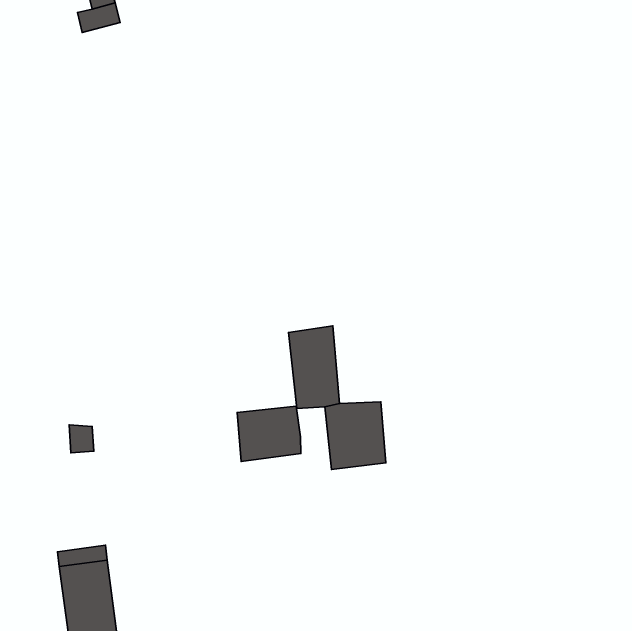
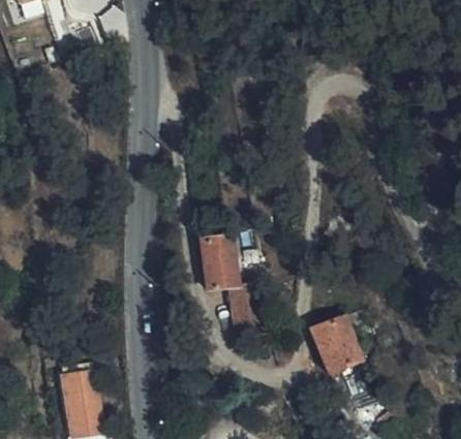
building: [237,406,301,462] -> none
building: none -> [310,313,364,374]

